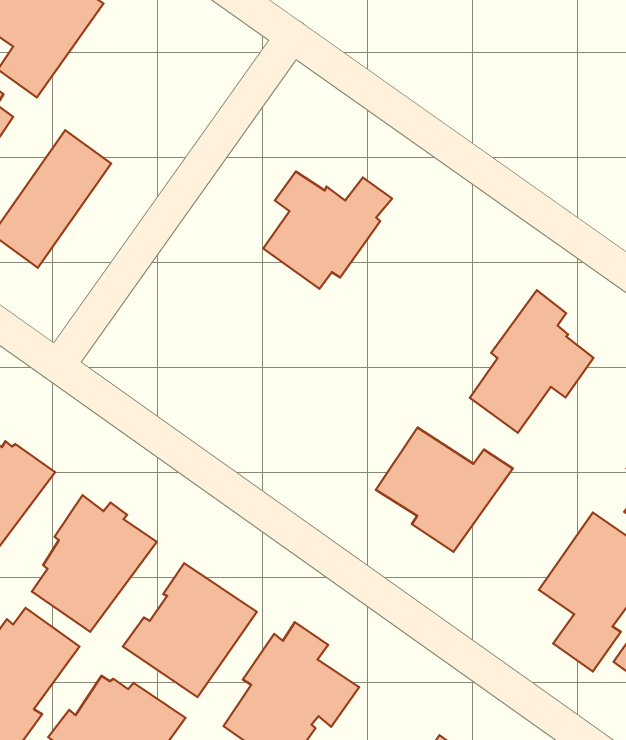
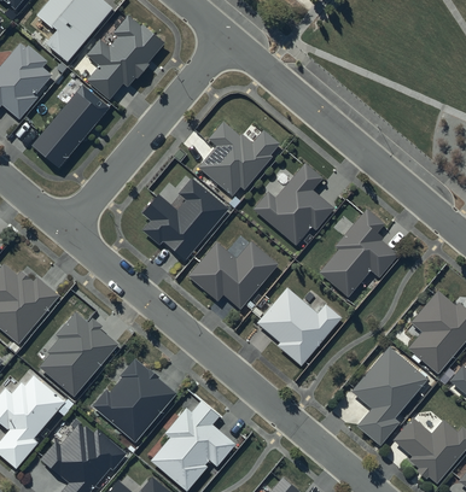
building: none -> [86,16,164,100]
building: none -> [254,163,332,244]
building: none -> [142,180,228,259]
building: none -> [187,241,278,308]

